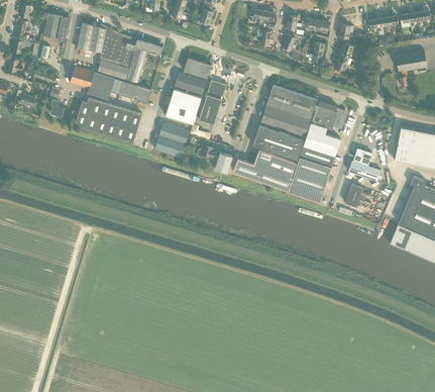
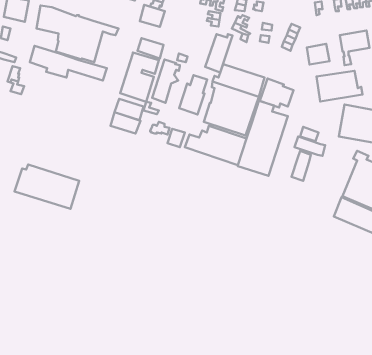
building: none -> [140,5,165,27]
building: none -> [205,34,233,72]
building: none -> [307,44,330,65]
building: none -> [316,71,363,102]
building: none -> [179,75,207,115]
building: [75,96,142,142] -> [15,165,79,209]

